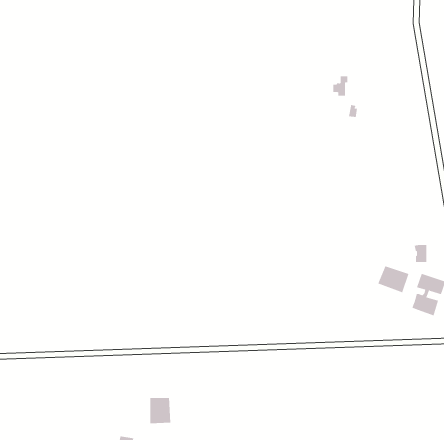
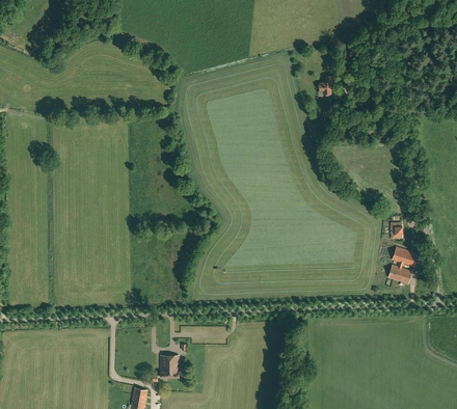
building: [378,266,409,293] -> none

